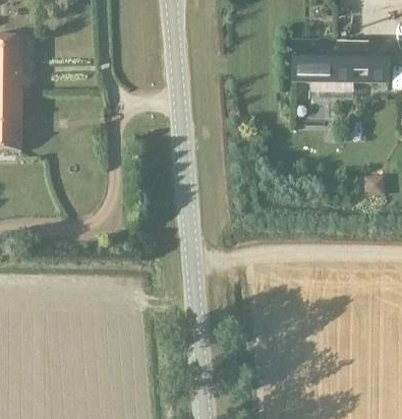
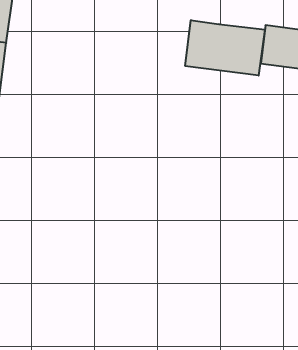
building: none -> [185,20,265,76]

